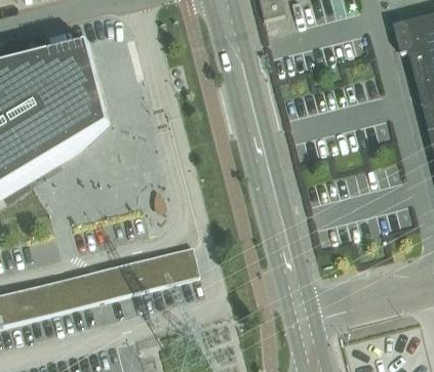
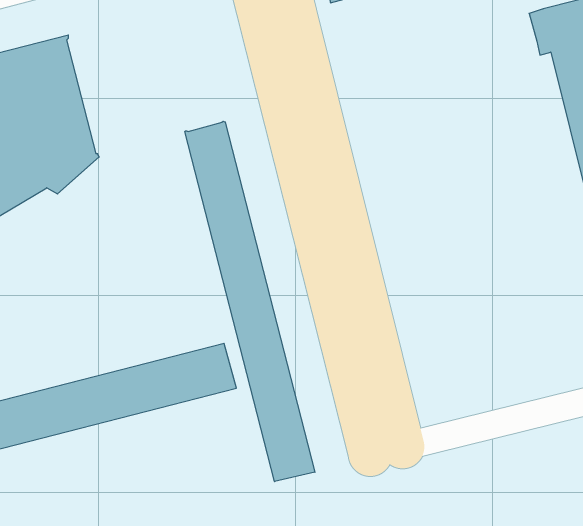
building: none -> [185,121,315,482]

